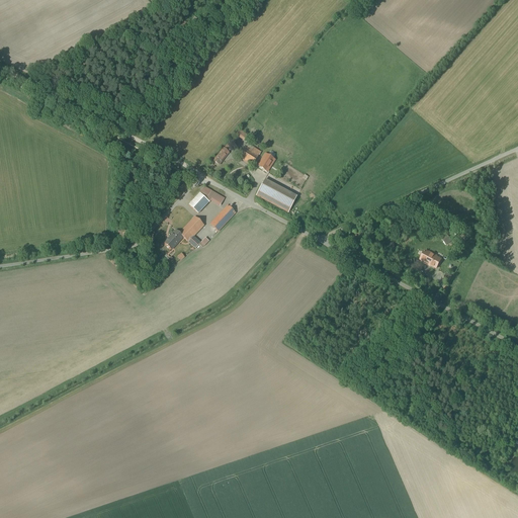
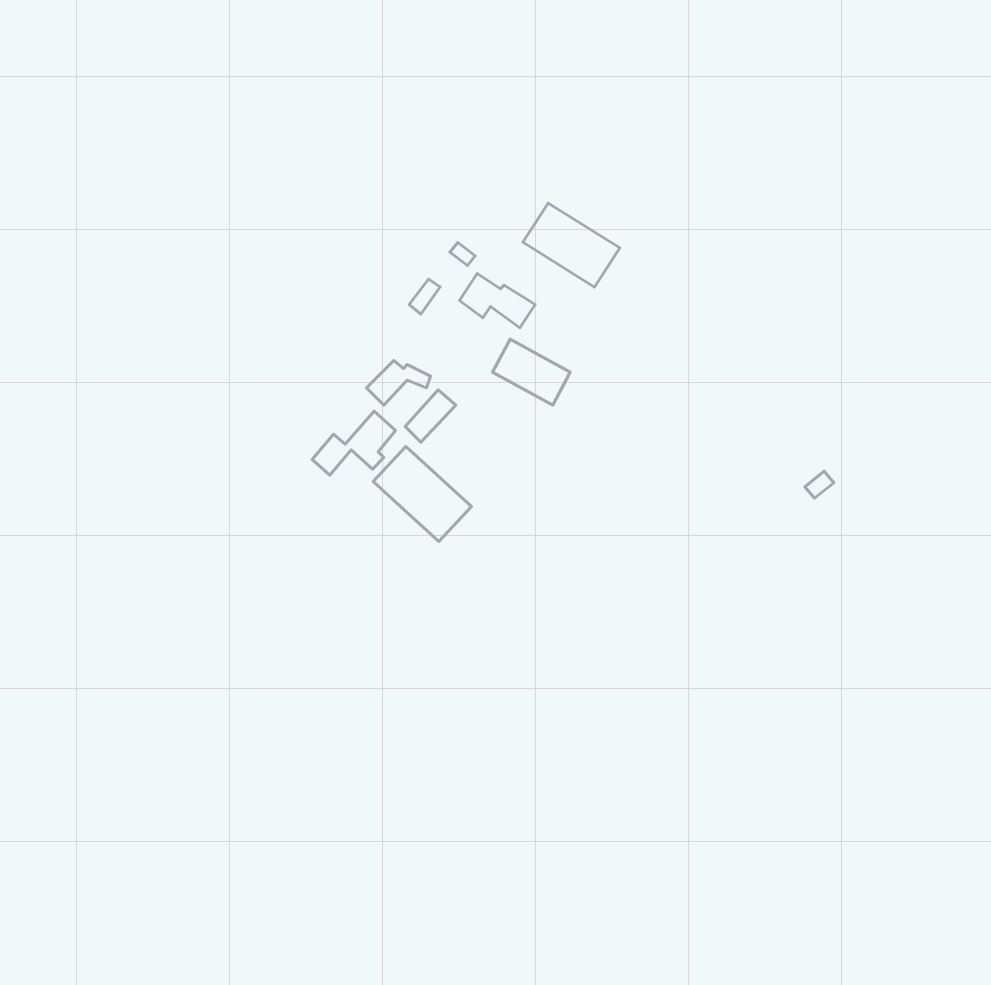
building: none -> [523,203,620,287]
building: none -> [373,447,472,541]

